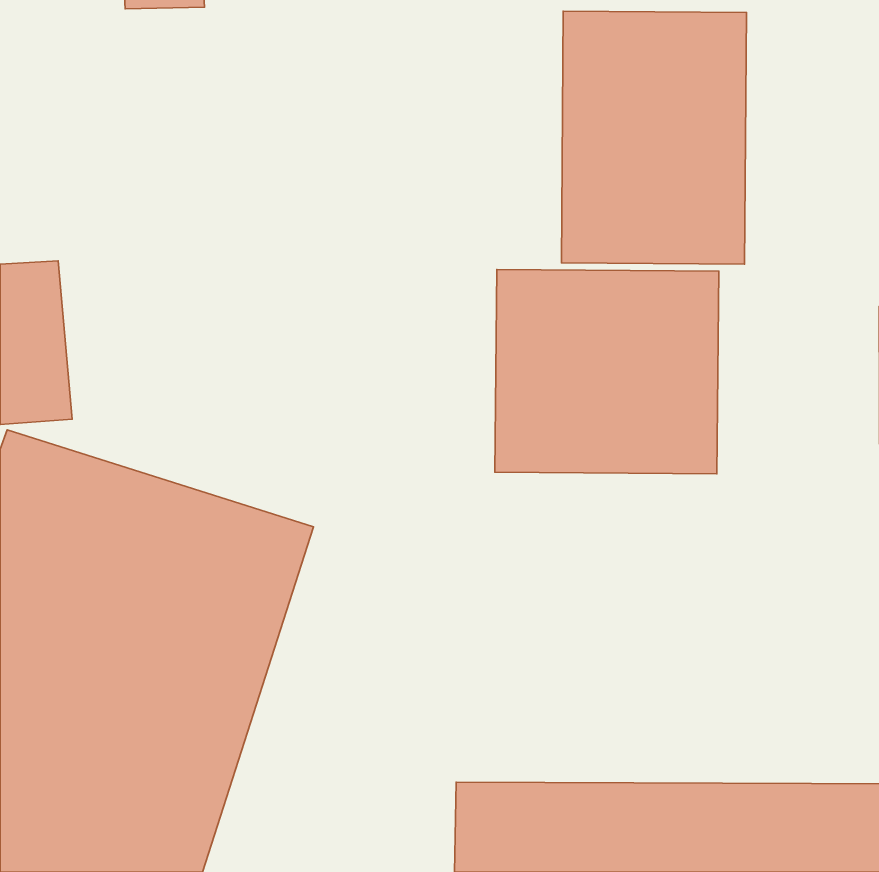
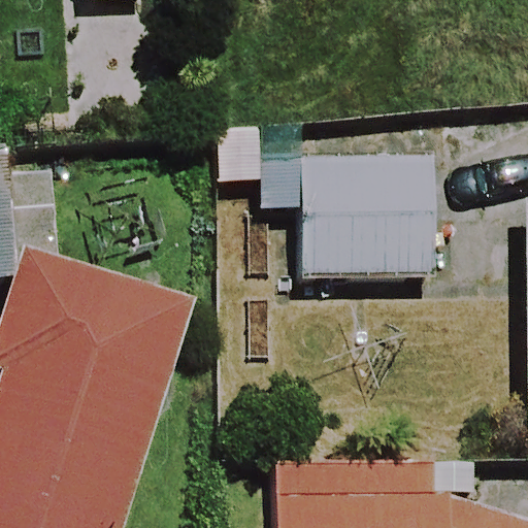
building: [561,11,746,264] -> none

